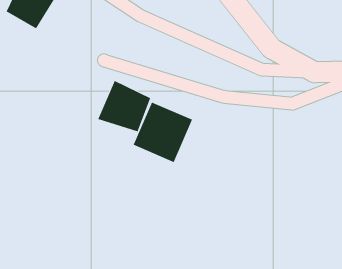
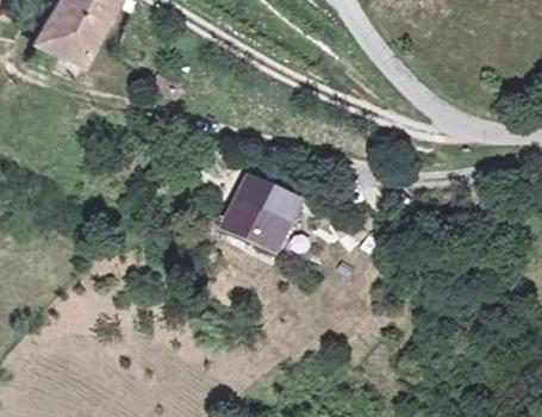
building: [98,80,151,132] -> none

